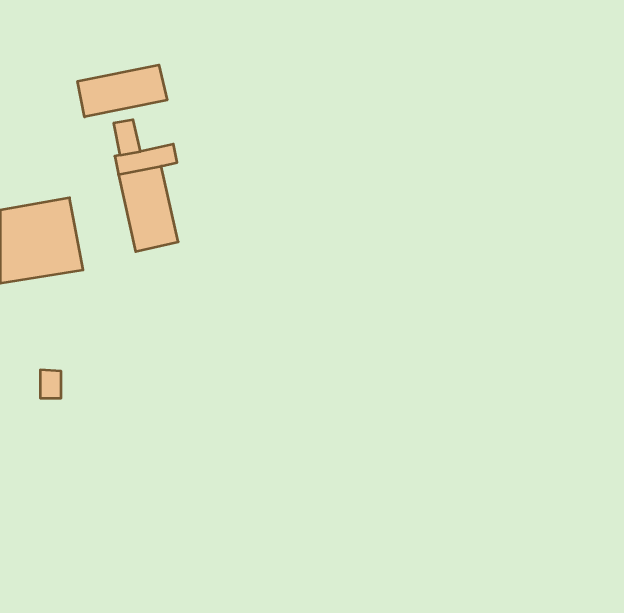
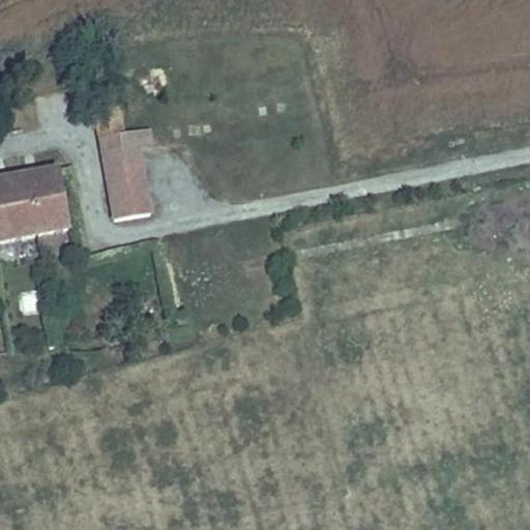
building: [78,65,167,117] -> none

